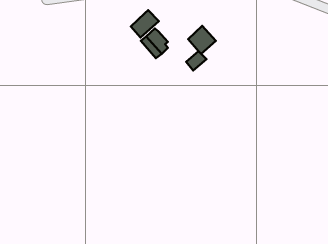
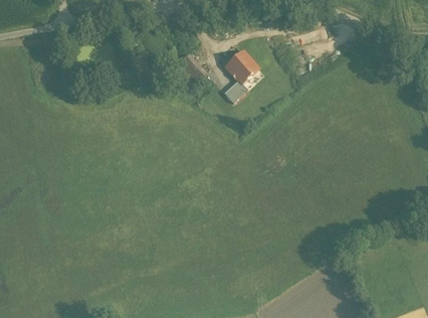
building: [131,10,159,37] -> none

